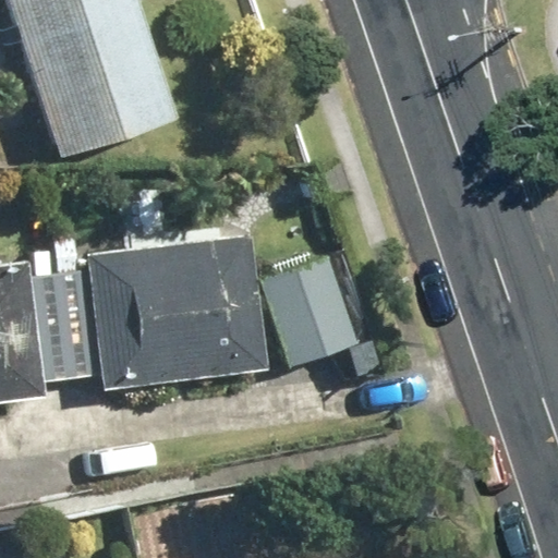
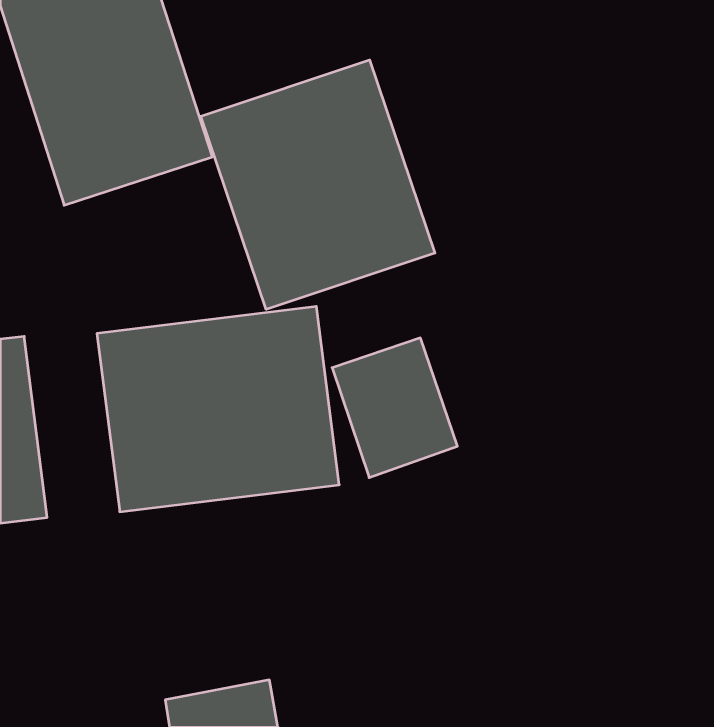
building: none -> [201,60,435,309]

